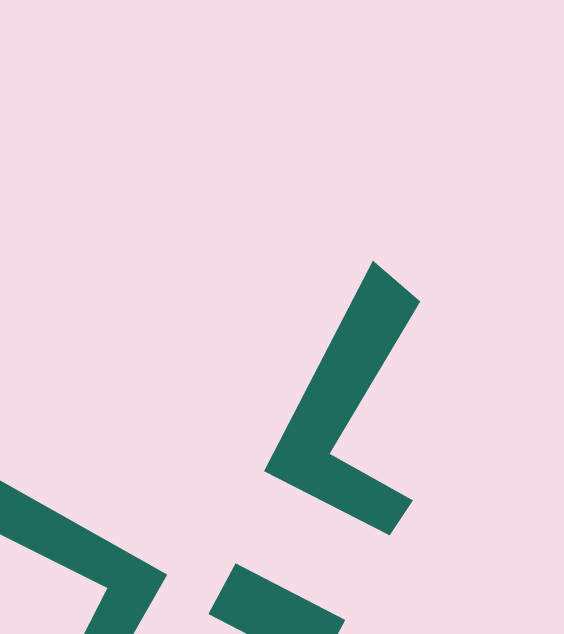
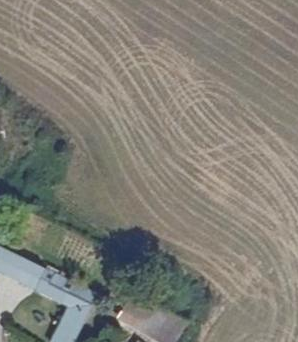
building: [263,260,421,536] -> none

